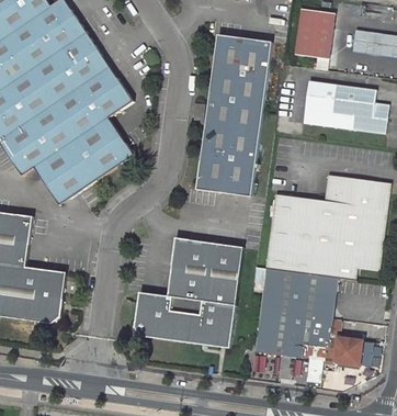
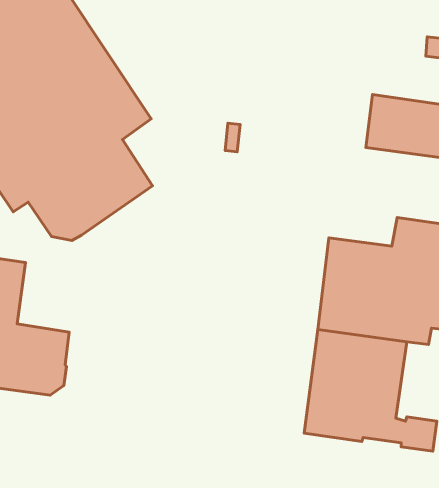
building: [295,9,333,70] -> none
building: [196,35,271,198] -> none
building: [134,235,243,346] -> none

